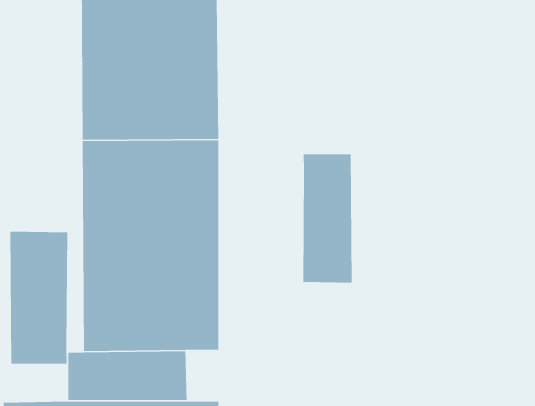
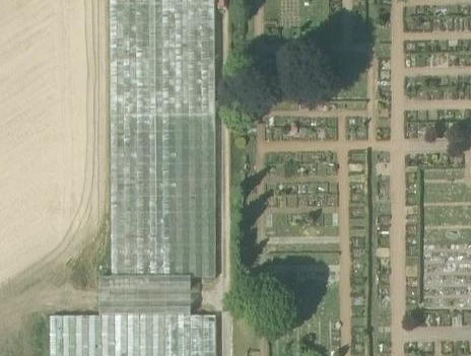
building: [302,153,352,284] -> none
building: [10,231,68,365] -> none

